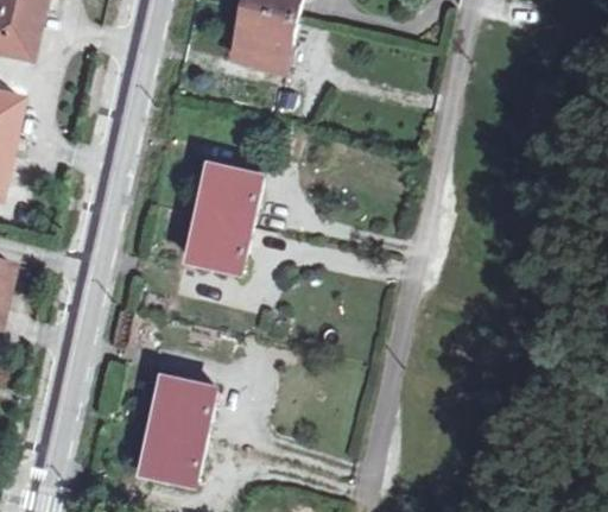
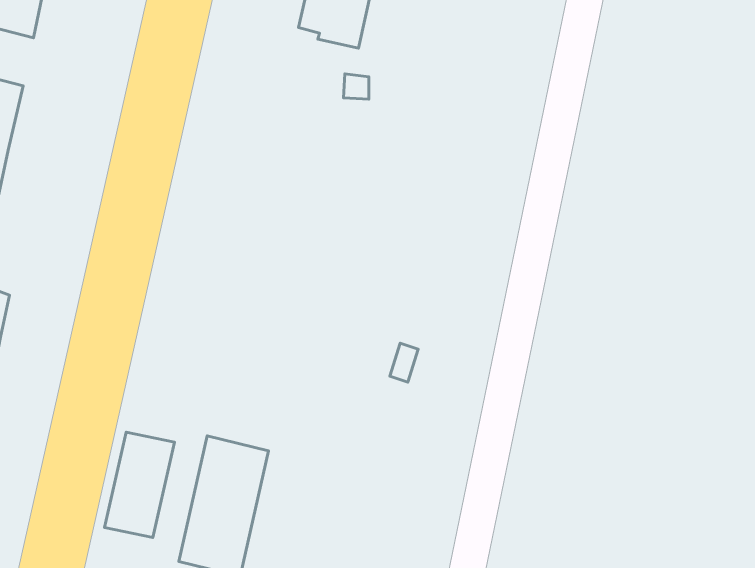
building: [189,164,261,274] -> none
building: none -> [105,432,174,538]

